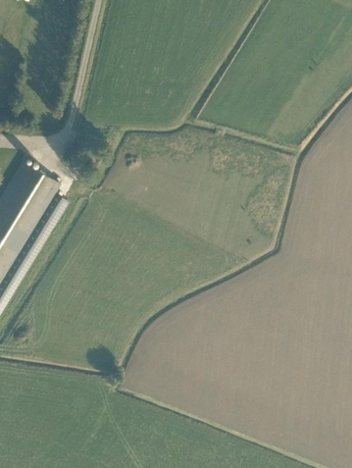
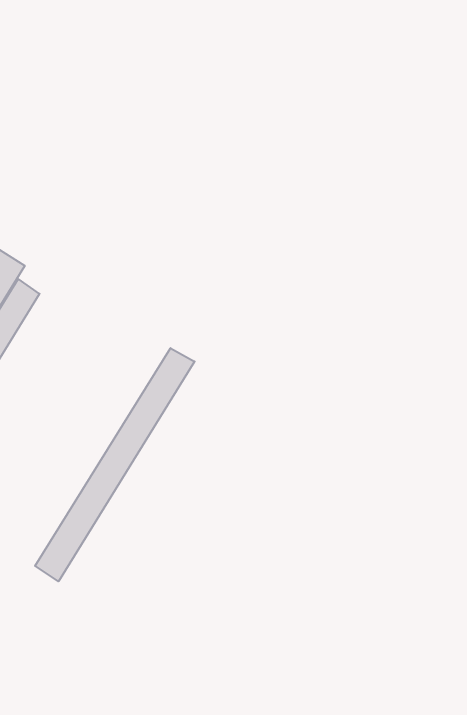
building: none -> [35,348,195,581]

